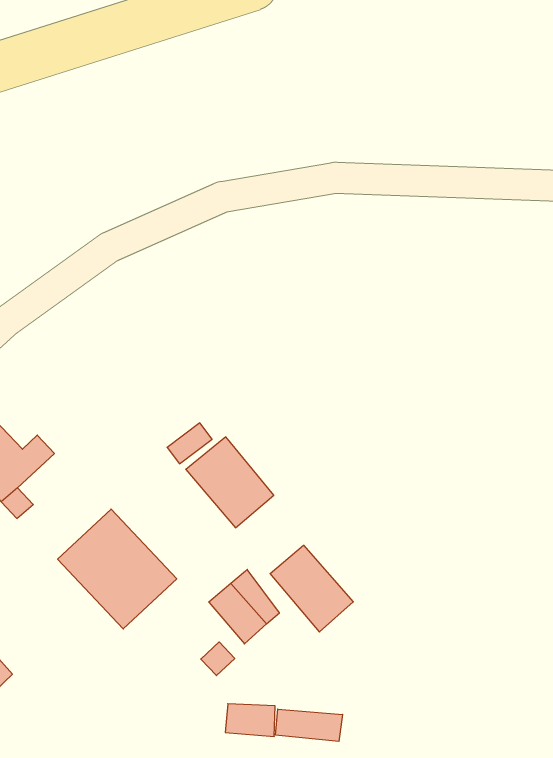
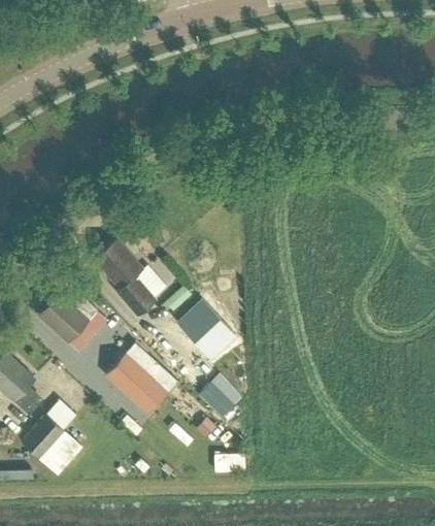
building: none -> [96,241,158,317]
building: [270,545,353,632] -> none
building: [276,709,343,741] -> none

